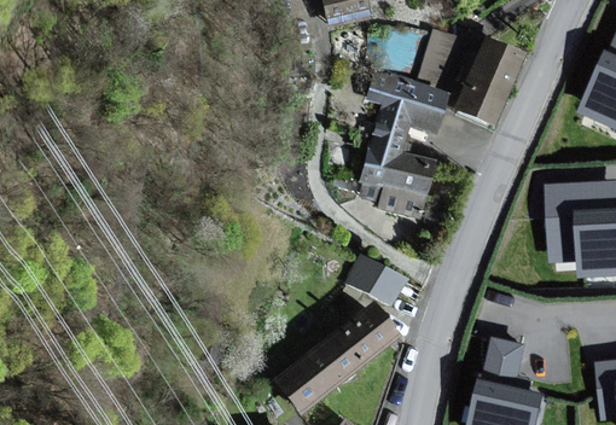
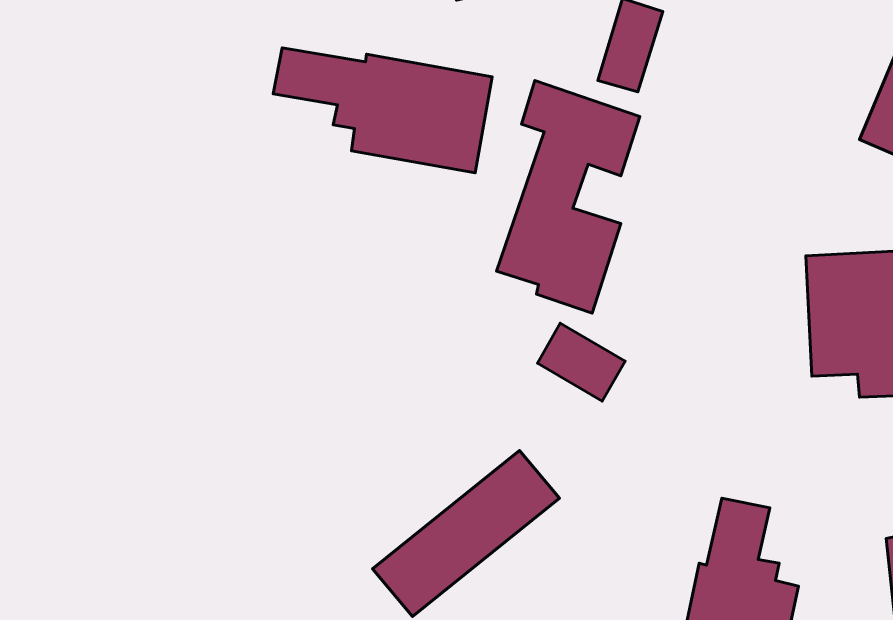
building: [451,39,519,126] -> none
building: none -> [273,48,492,173]
building: [347,256,402,305] -> [537,323,625,401]

